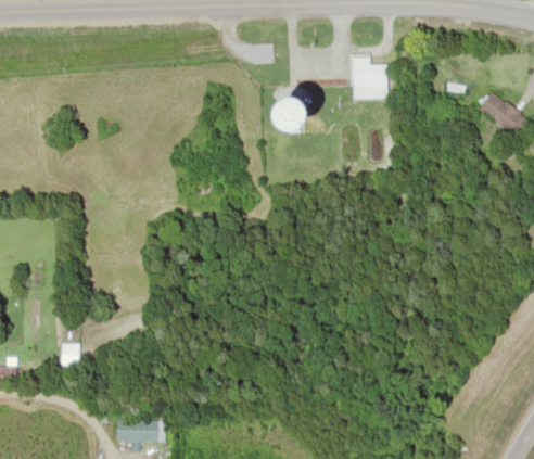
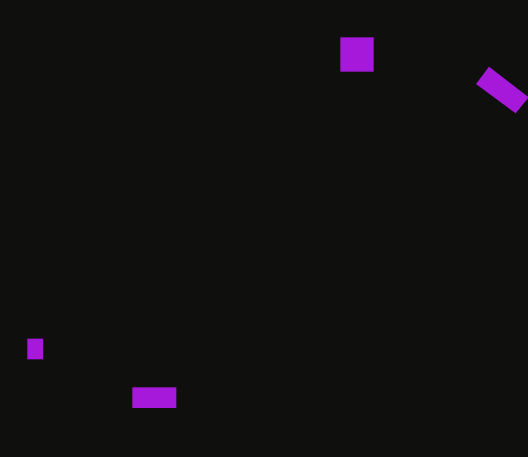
building: [283,100,301,131] -> none
building: [115,420,157,441] -> [131,387,177,409]

